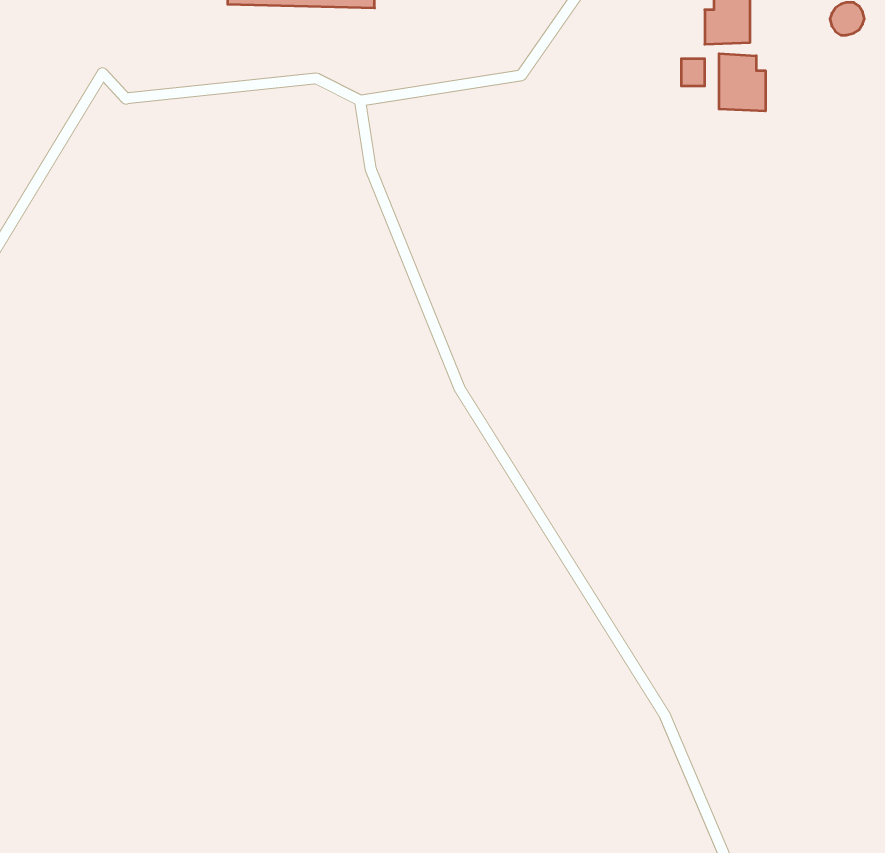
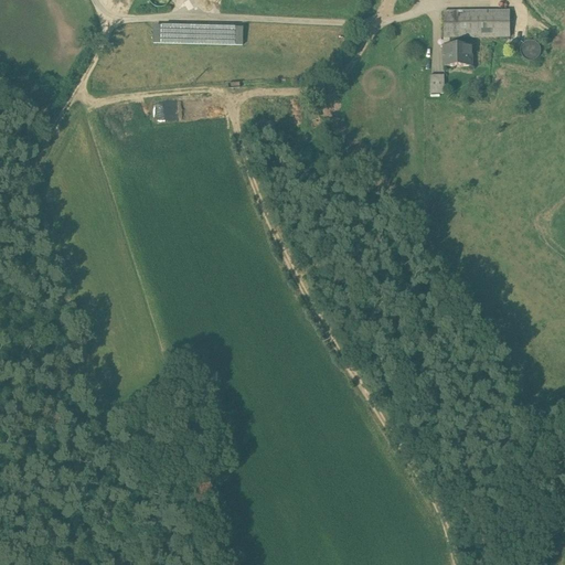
building: [719,54,765,111] -> none

